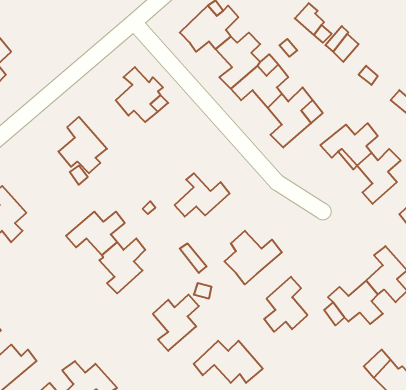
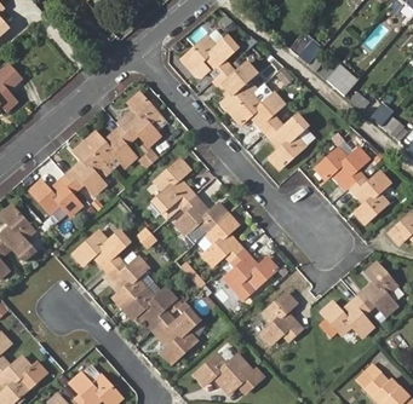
building: none -> [85,125,136,171]
building: none -> [154,158,194,207]
building: none -> [30,173,81,215]
building: none -> [203,213,242,266]
building: none -> [121,285,176,327]

